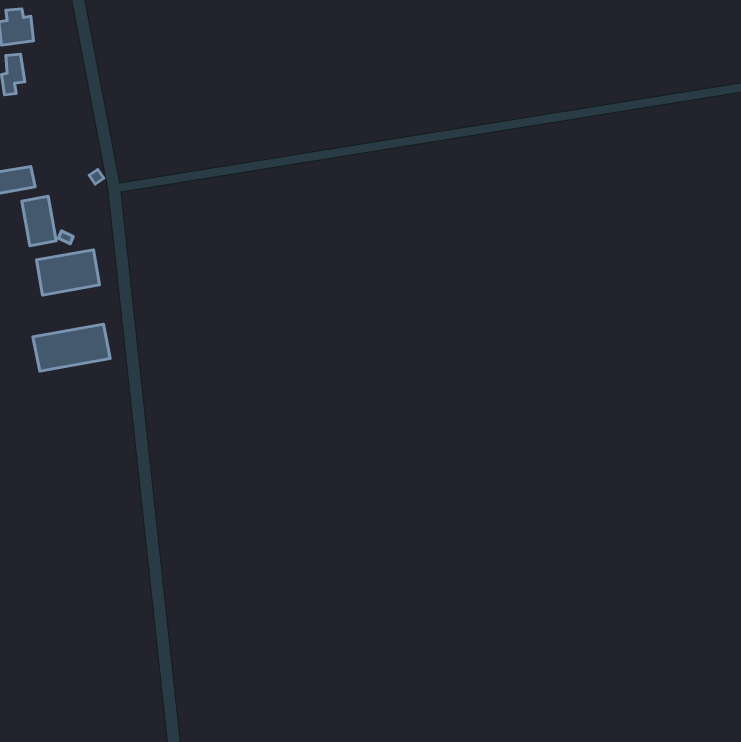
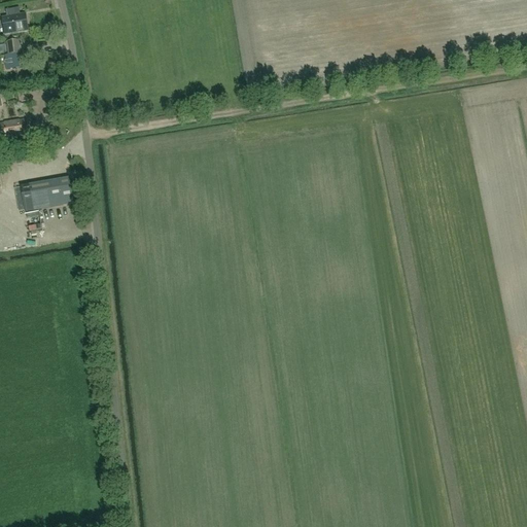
building: [22,196,56,246] -> none
building: [33,324,110,371] -> none

